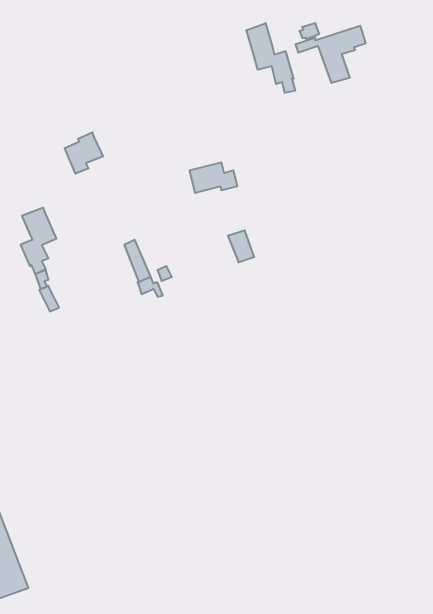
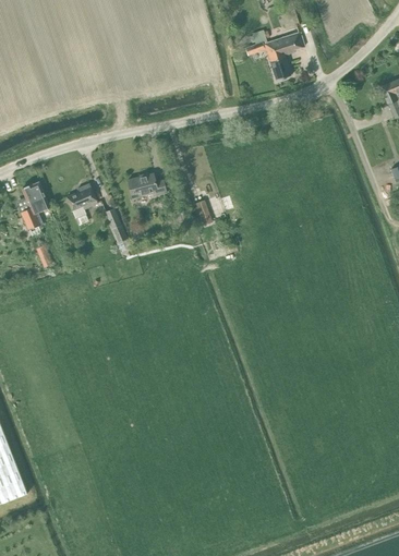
building: [246,23,295,93] -> none
building: [65,132,103,174] -> [66,183,98,217]
building: [190,162,237,193] -> [128,172,167,197]

